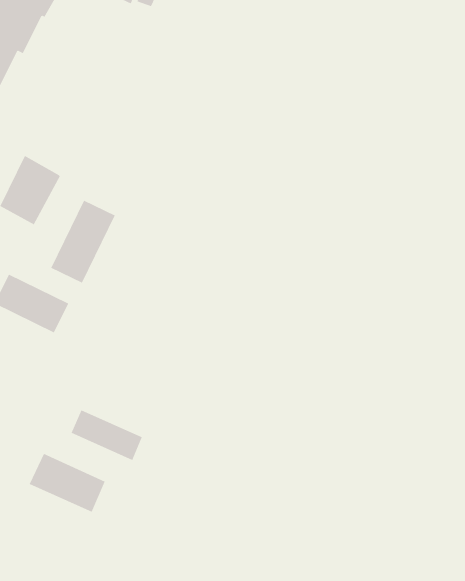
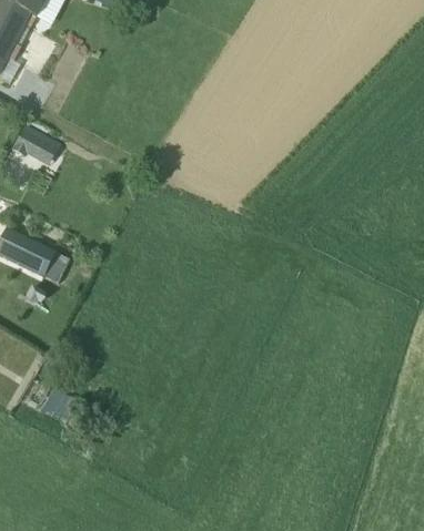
building: [50,200,116,283] -> none
building: [71,409,143,461] -> none

